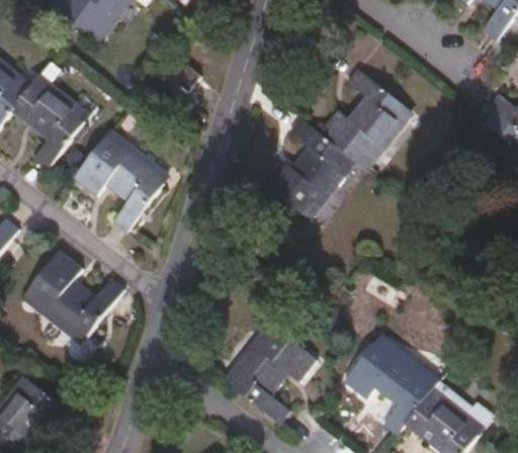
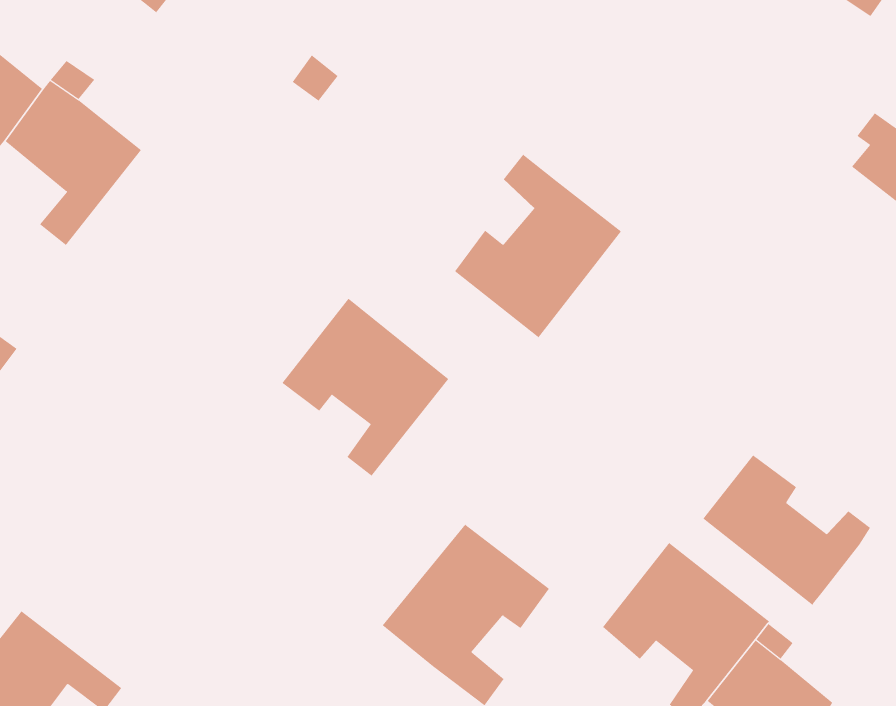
building: [321,69,413,171] -> none
building: [74,130,168,231] -> [282,298,449,477]
building: [20,247,123,344] -> none
building: none -> [703,455,871,606]

